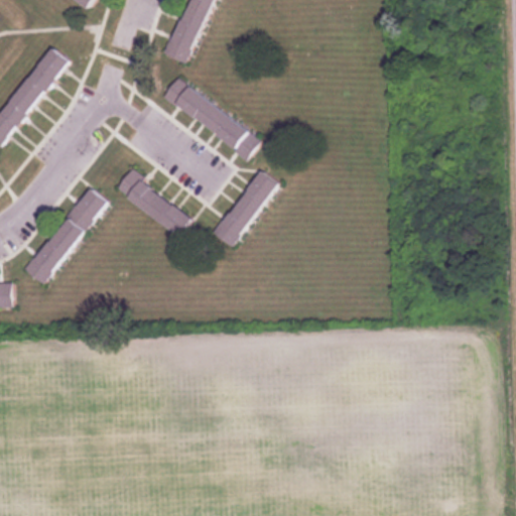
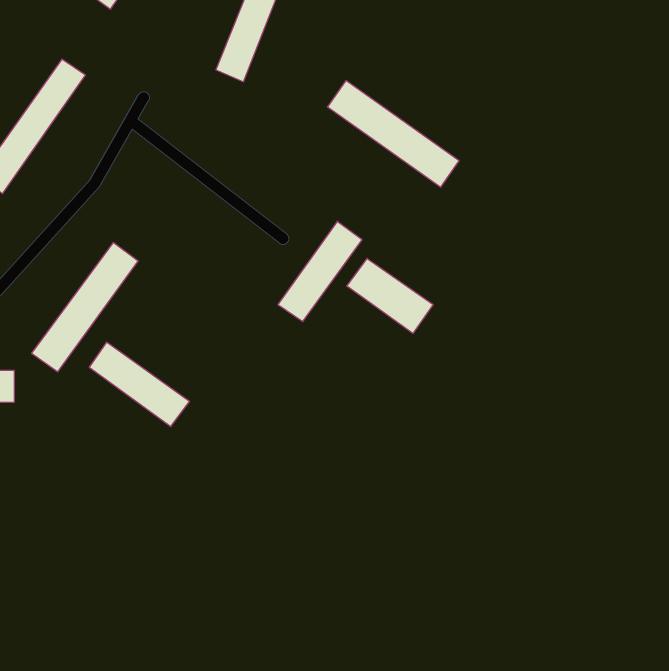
building: [161,77,262,158] -> [327,80,459,187]
building: [115,170,191,235] -> [89,342,189,427]
building: none -> [347,258,433,333]

